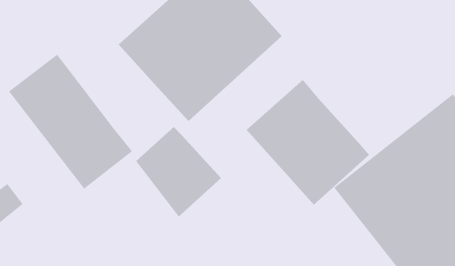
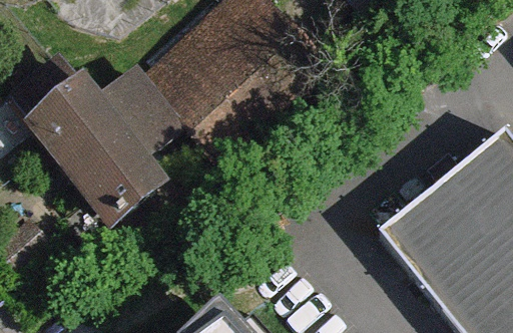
building: [246,79,370,205] -> none
building: [135,126,222,218] -> [96,64,188,161]

